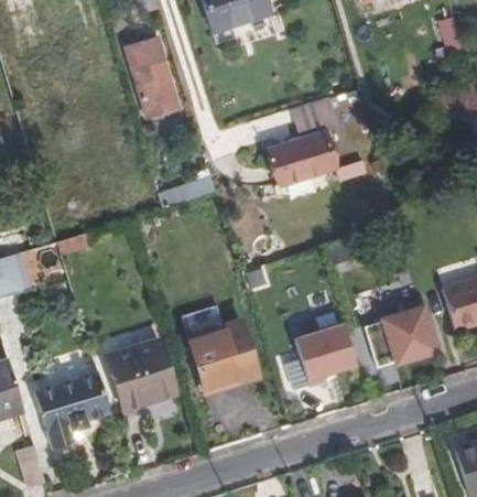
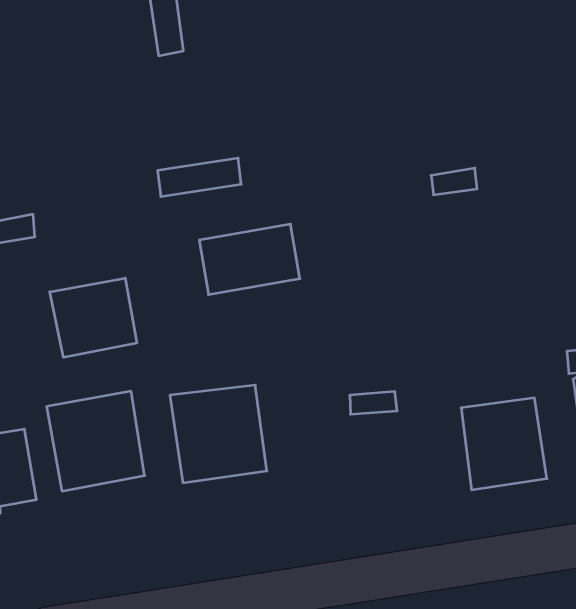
building: [269,131,337,184] -> [199,224,300,295]
building: none -> [50,278,137,357]
building: [291,325,354,383] -> none

